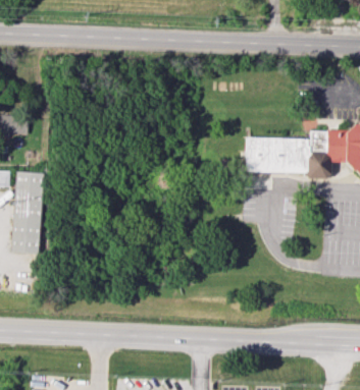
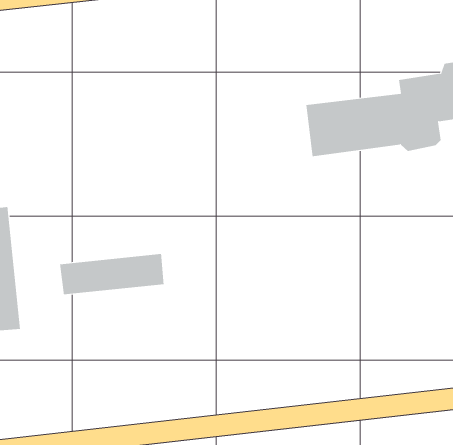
building: none -> [59,253,164,295]

